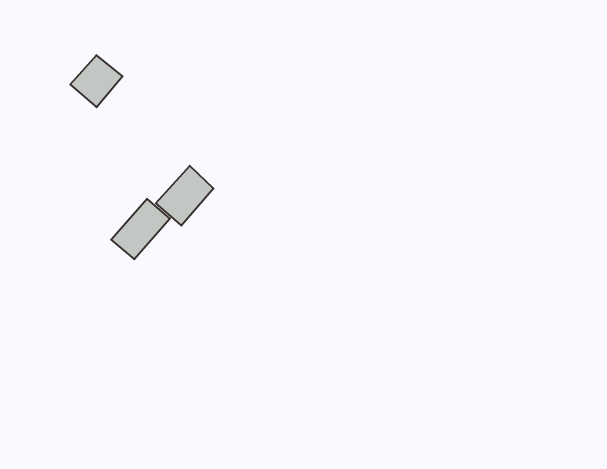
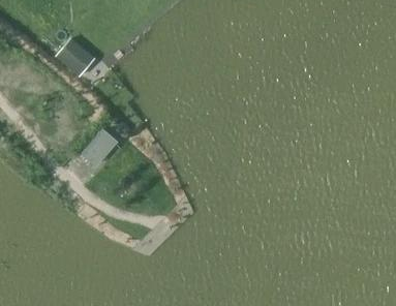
building: [156,166,214,226] -> none

